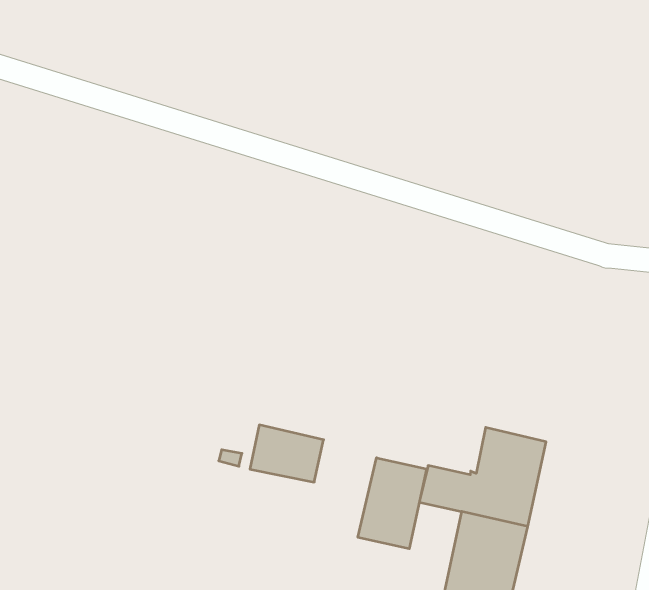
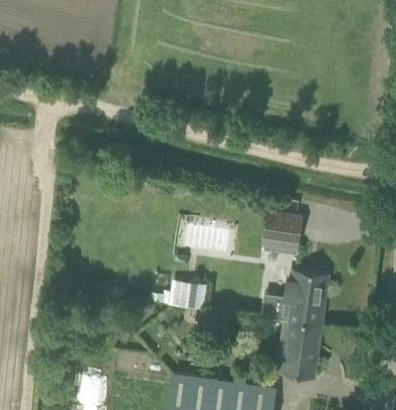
building: none -> [262,212,303,245]
building: [358,458,427,549] -> none

